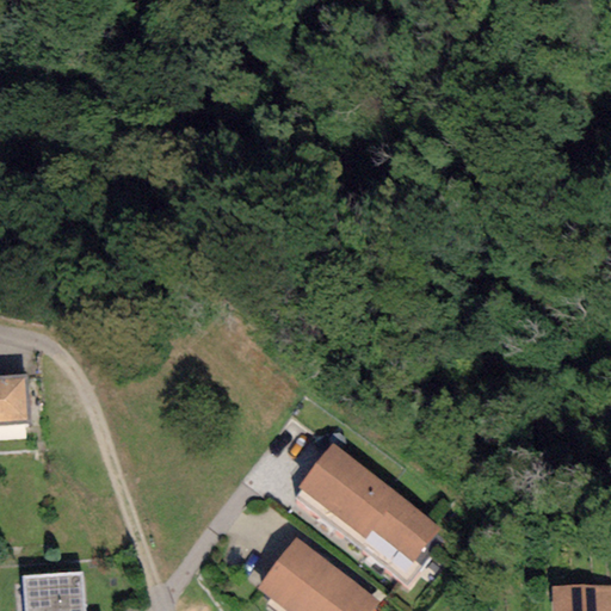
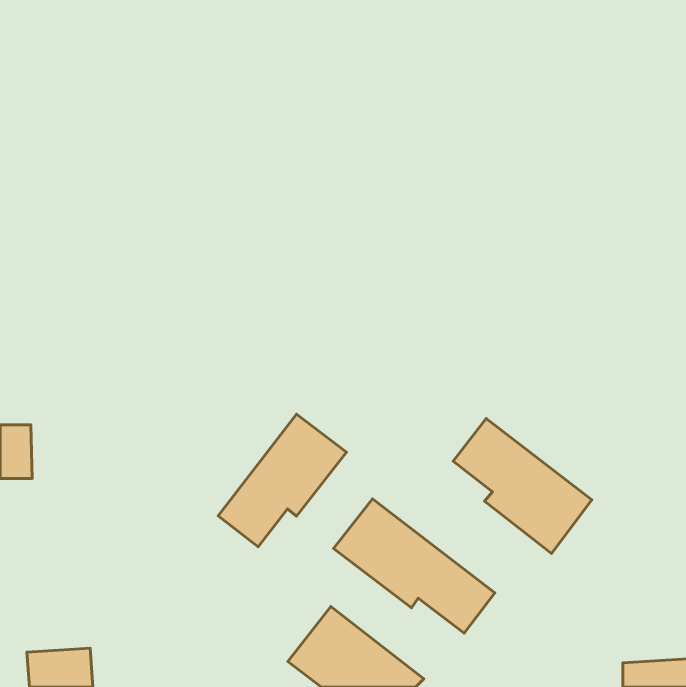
building: none -> [218,414,347,547]
building: none -> [453,418,592,553]

